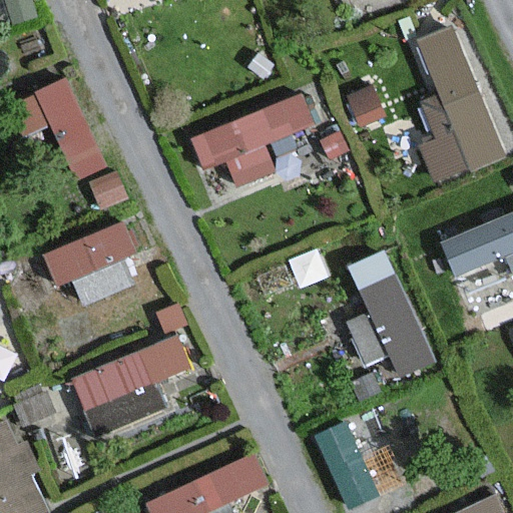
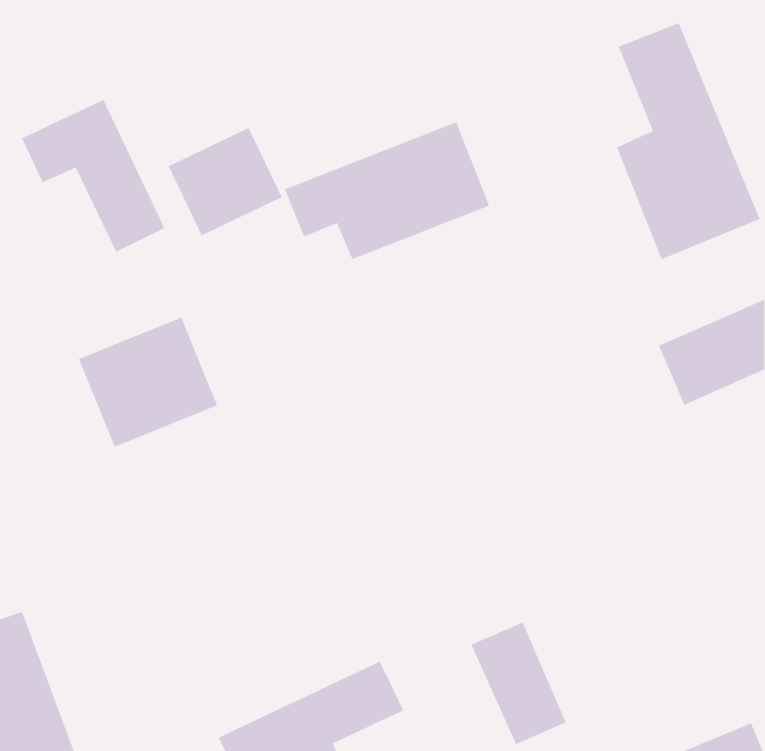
building: none -> [168,127,282,236]
building: [346,249,433,378] -> none
building: [71,332,195,437] -> none

